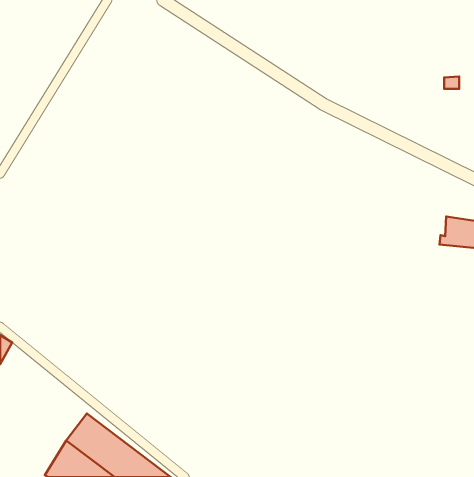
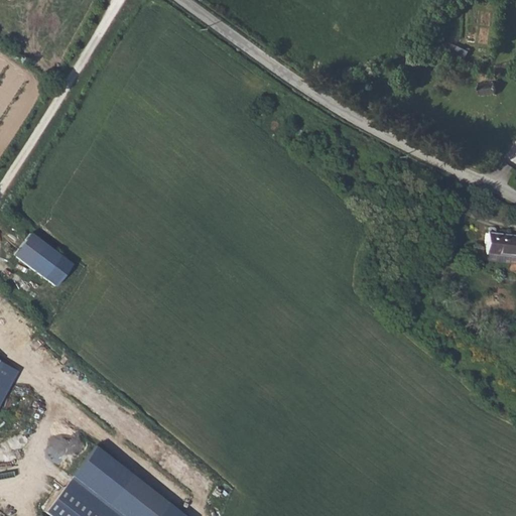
building: none -> [15,234,74,285]

